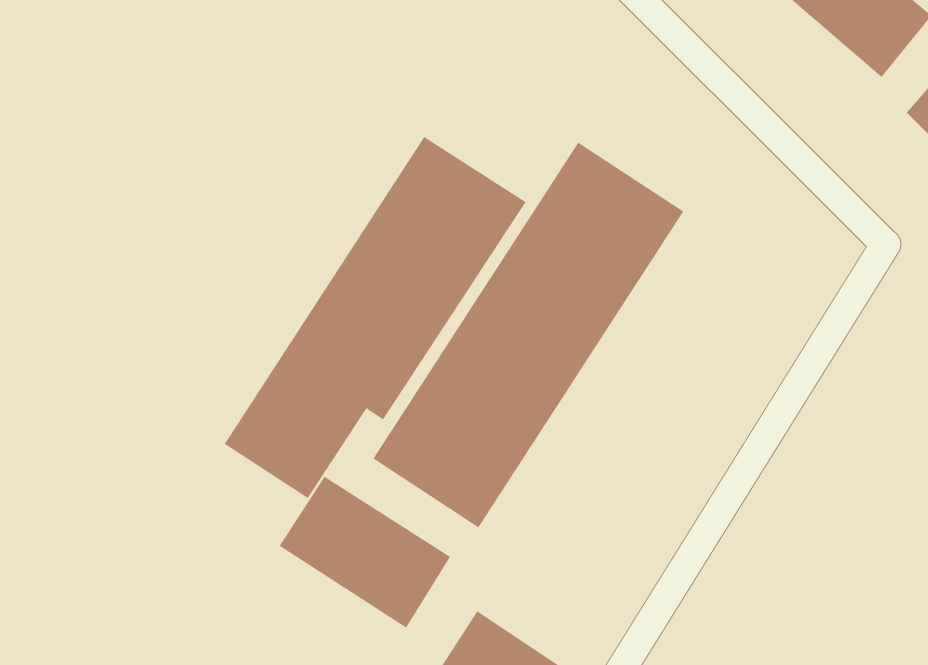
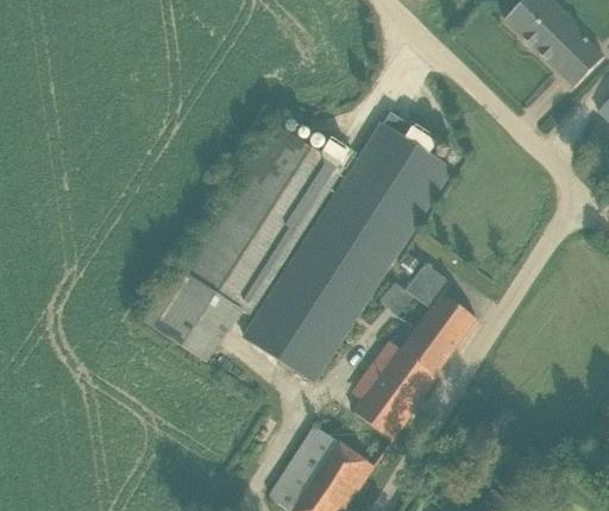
building: none -> [353,264,471,435]
building: [279,476,451,628] -> none

